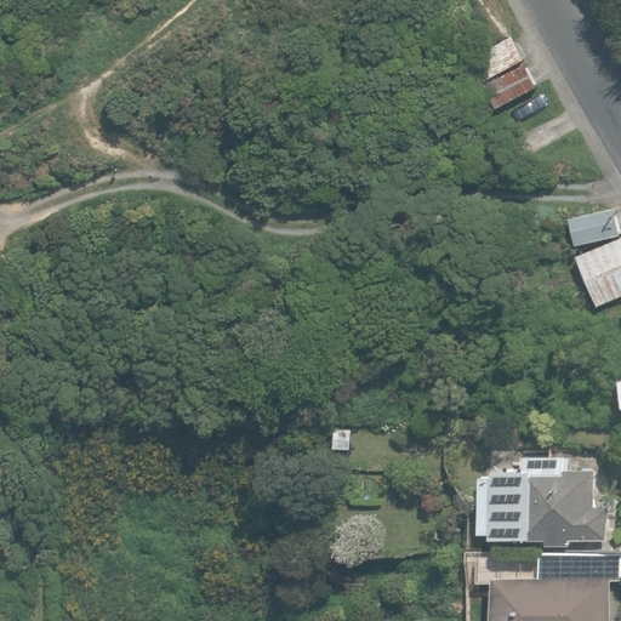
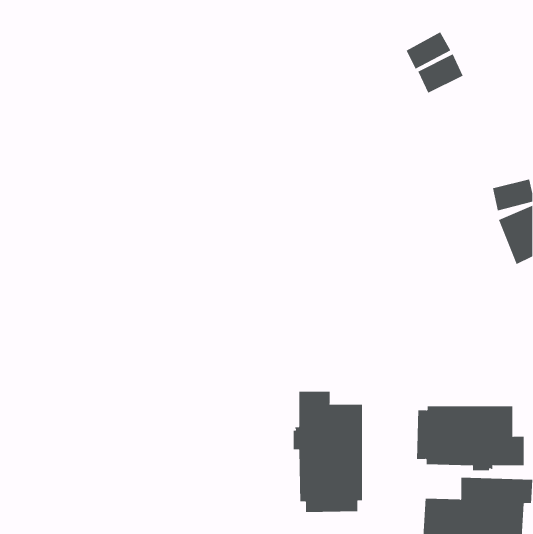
building: none -> [293,391,362,513]

